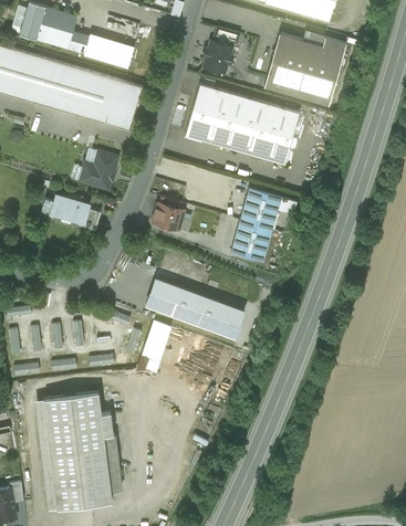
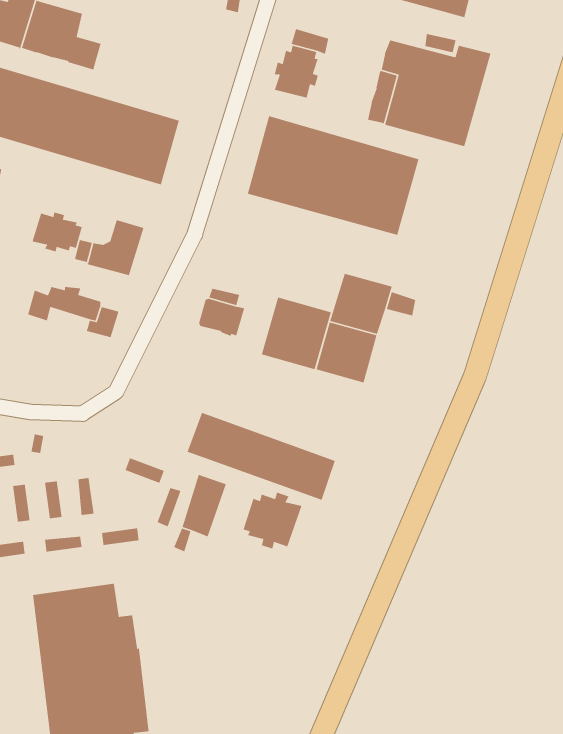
building: [83,34,134,69] -> none
building: none -> [32,212,83,253]
building: none -> [261,296,332,370]
building: none -> [242,492,302,550]

